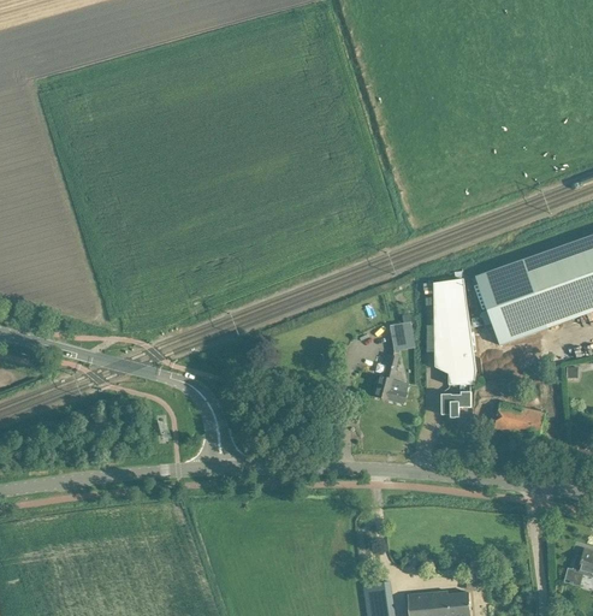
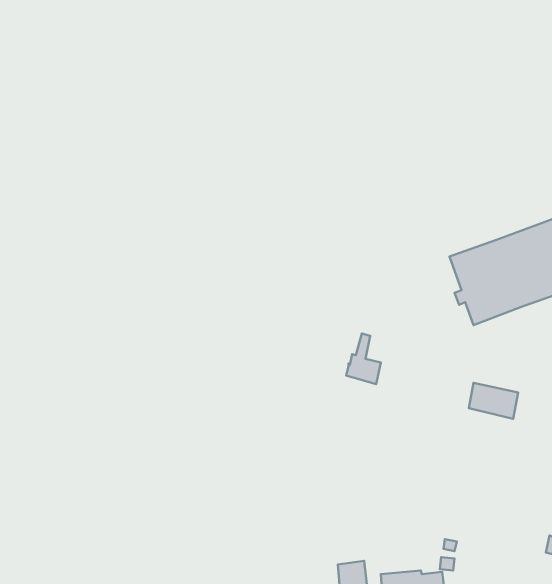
building: [434,279,476,417] -> none
building: [389,321,414,351] -> none

